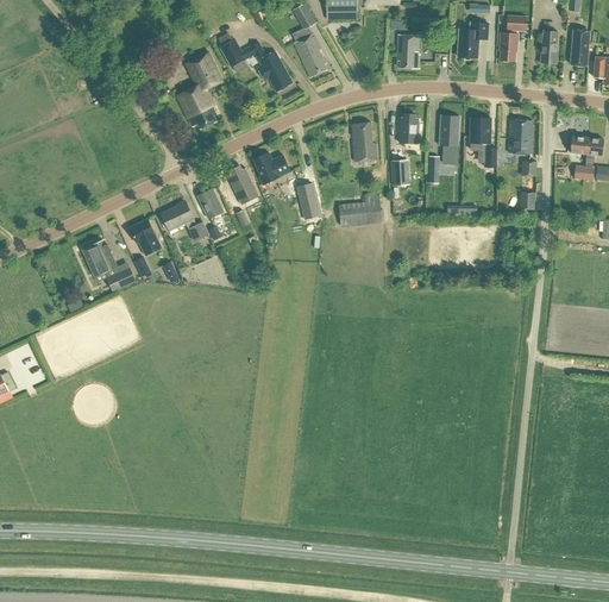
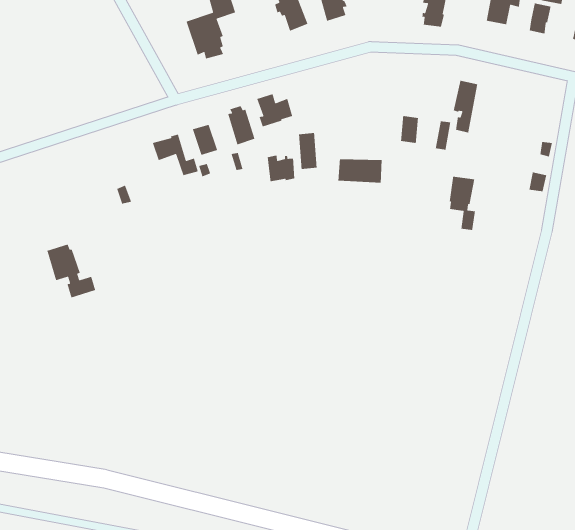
building: [398,113,417,144] -> none
building: [469,117,495,165] -> [449,176,476,231]
building: [508,119,532,153] -> none
building: [351,121,377,162] -> none
building: none -> [267,155,295,182]
building: [128,218,161,255] -> none
building: [82,239,134,290] -> [46,243,96,299]

